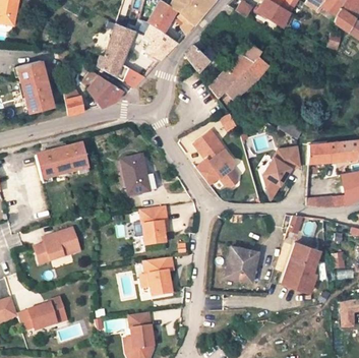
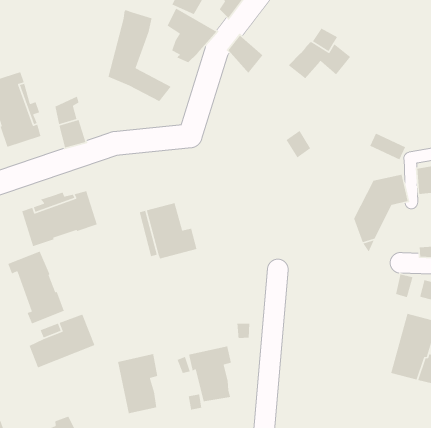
building: [208,67,257,105] -> none
building: [83,70,123,107] -> none
building: [195,130,237,186] -> none
building: none -> [7,250,65,324]
building: [140,204,168,245] -> [117,353,158,414]
building: [226,246,257,280] -> none

